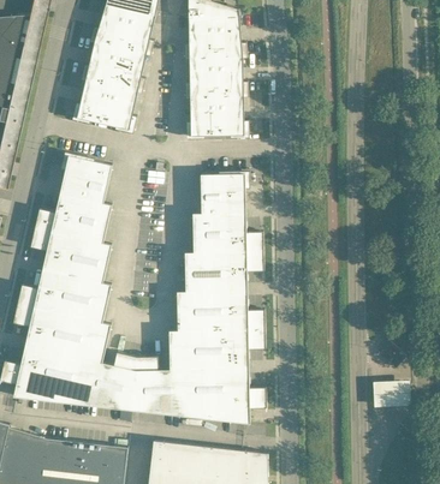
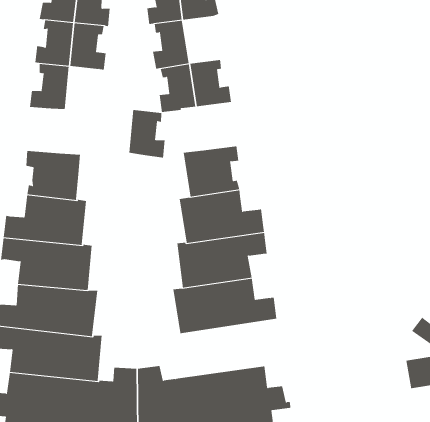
building: [214,58,246,96] -> none
building: [102,85,136,131] -> [128,110,166,158]
building: [168,328,264,369] -> none

